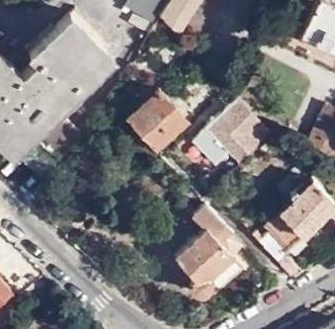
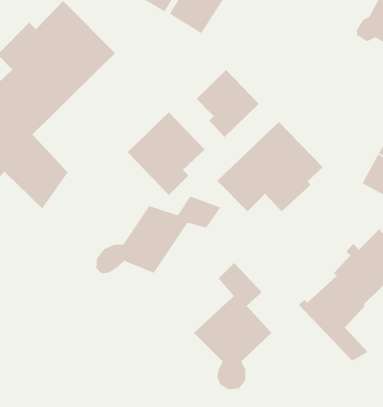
building: none -> [196,69,260,138]
building: none -> [95,196,221,274]

